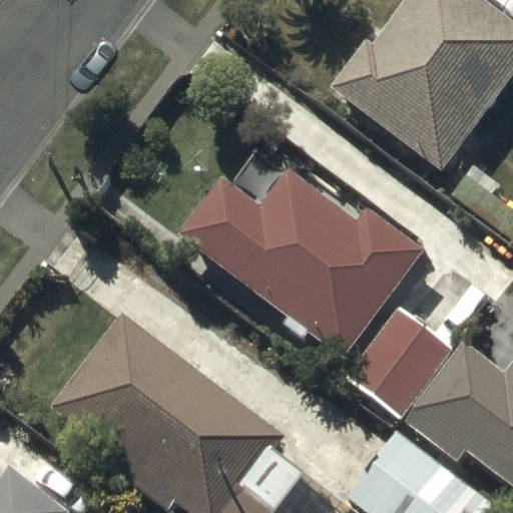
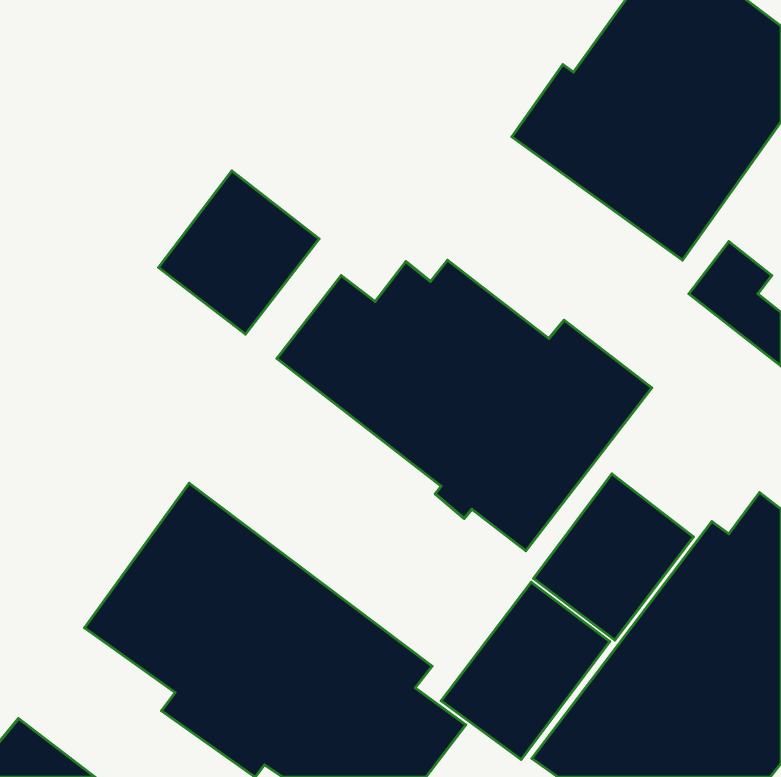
building: none -> [159,171,319,334]
building: none -> [441,582,610,760]

